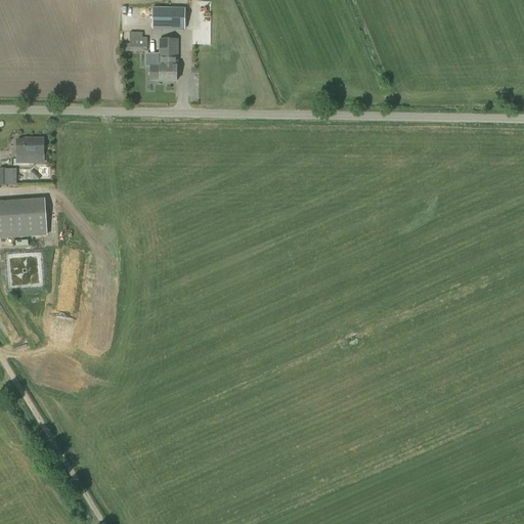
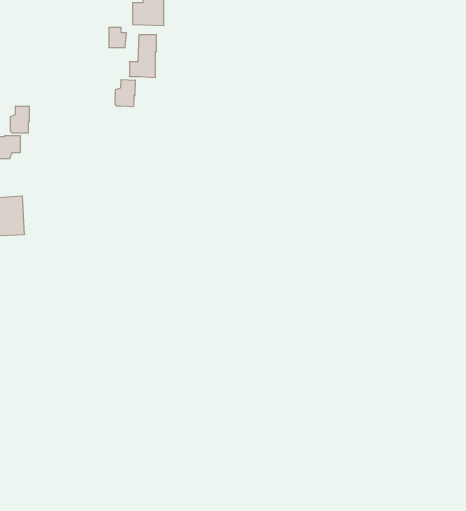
building: none -> [115,80,135,107]
building: none -> [11,106,29,133]

